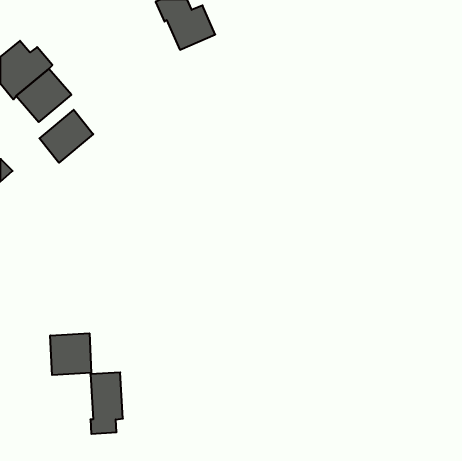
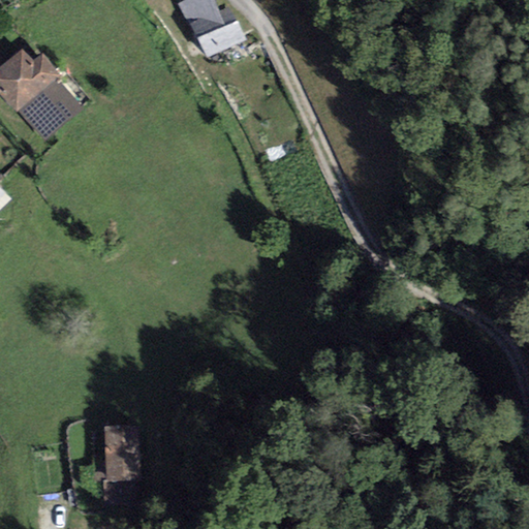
building: [39,110,93,163] -> none
building: [50,333,91,375] -> none

